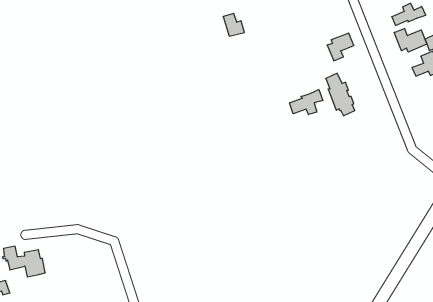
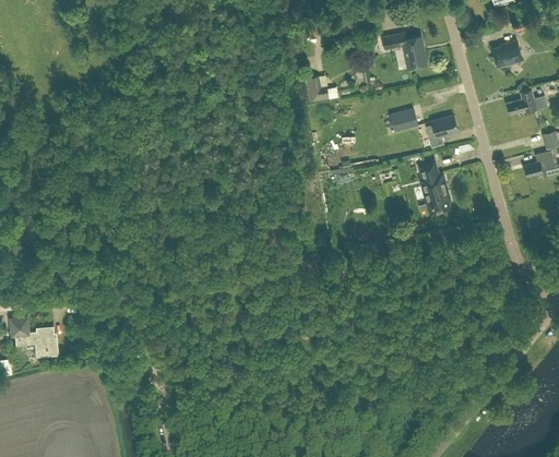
building: [394,28,427,52] -> none
building: none -> [390,108,418,132]
building: [290,90,323,115] -> none

